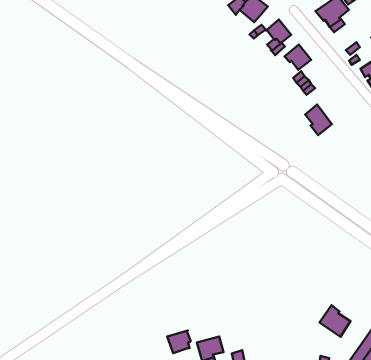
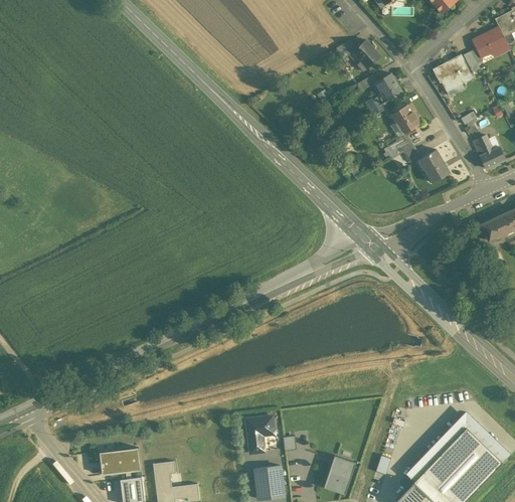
building: [305,105,332,135] -> [420,149,449,183]
building: [319,305,350,337] -> none
building: [167,331,191,353] -> none

